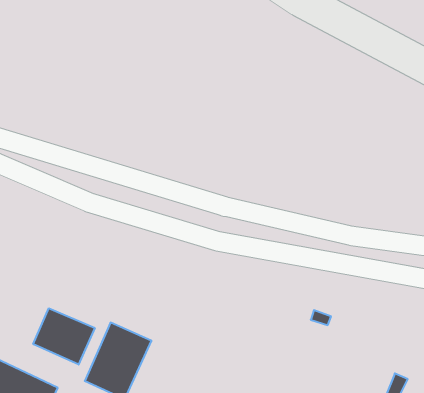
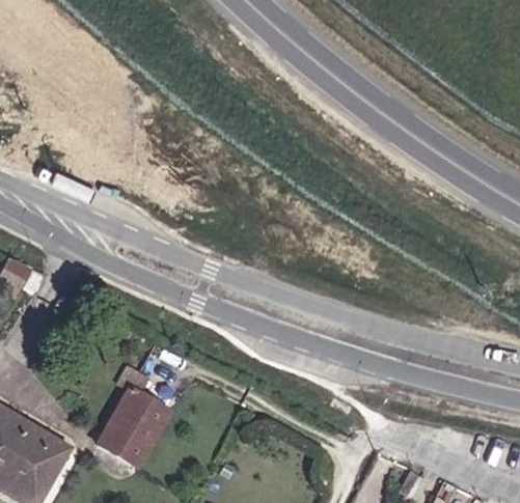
building: [33,308,95,365] -> none

